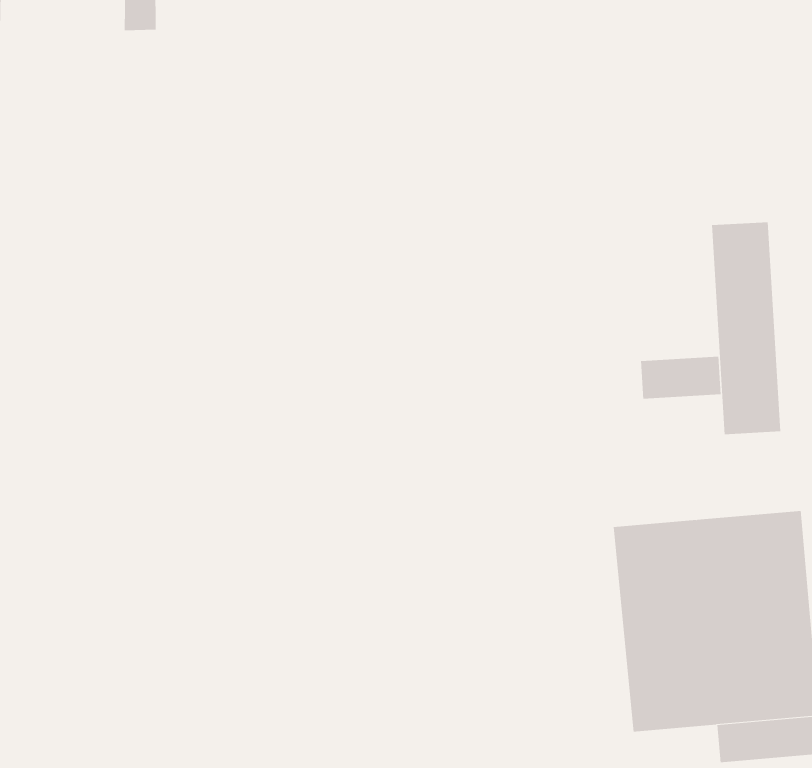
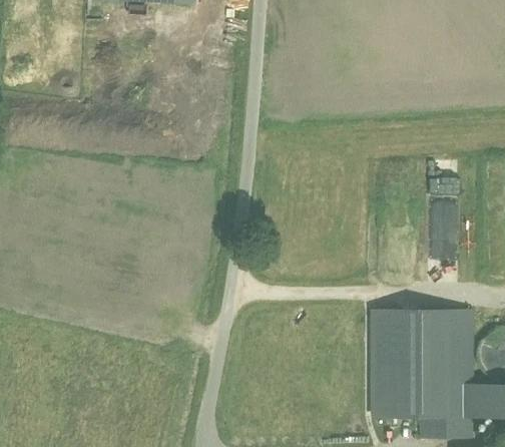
building: [640,356,721,399] -> none

